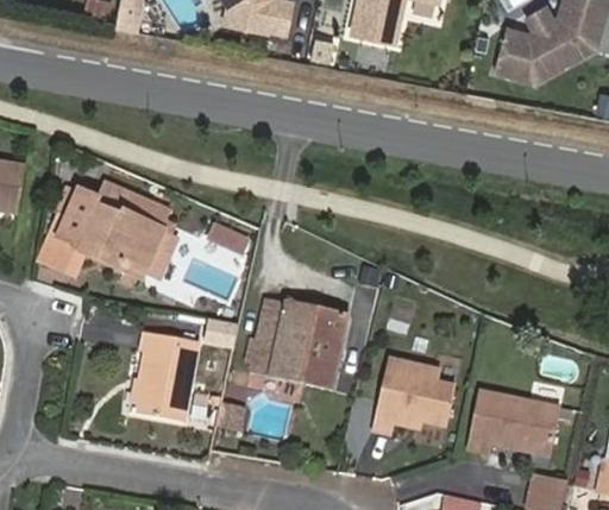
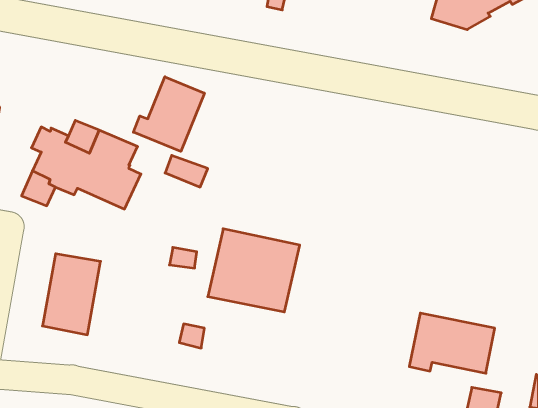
building: none -> [133,77,204,151]
building: [134,334,197,422] -> [42,254,101,335]
building: [371,358,456,435] -> none

